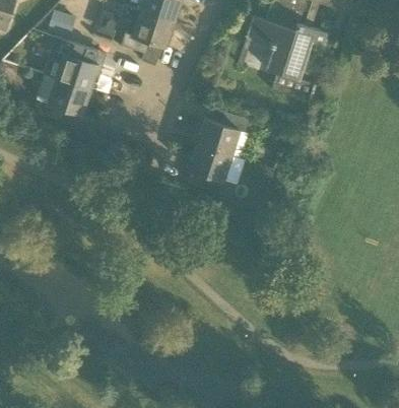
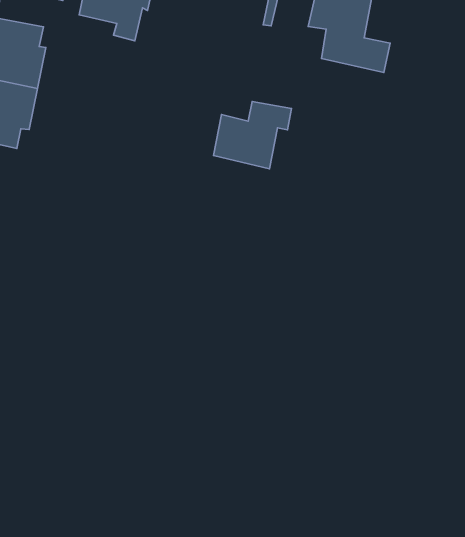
building: [189,144,231,195] -> none

